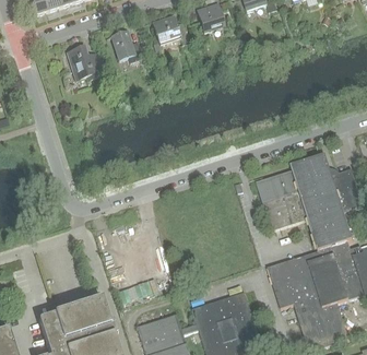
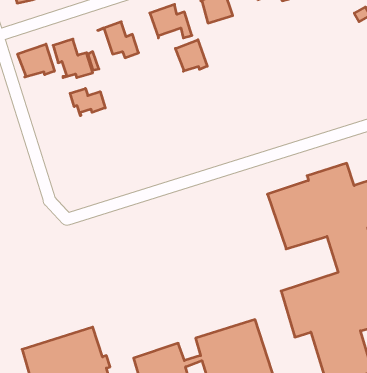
building: none -> [175,40,207,71]
building: none -> [18,44,54,77]
building: none -> [70,88,105,116]

